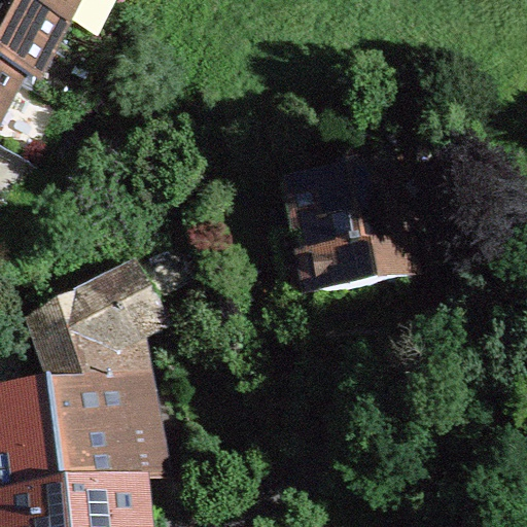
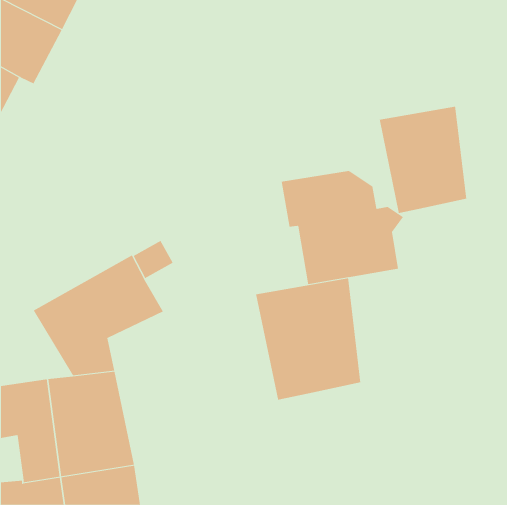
building: none -> [379,106,467,214]
building: none -> [256,278,361,400]

